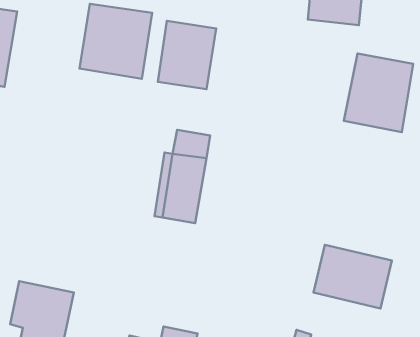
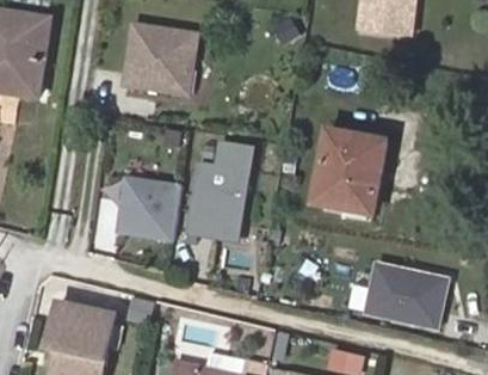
building: [158,21,216,89] -> none
building: [344,54,413,132] -> [317,133,390,215]
building: none -> [121,185,186,250]

